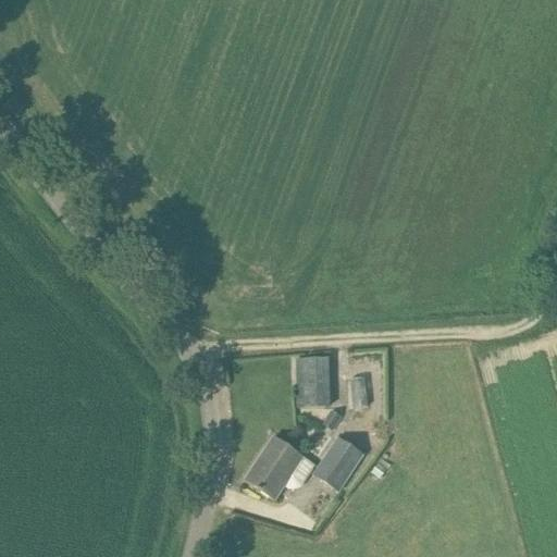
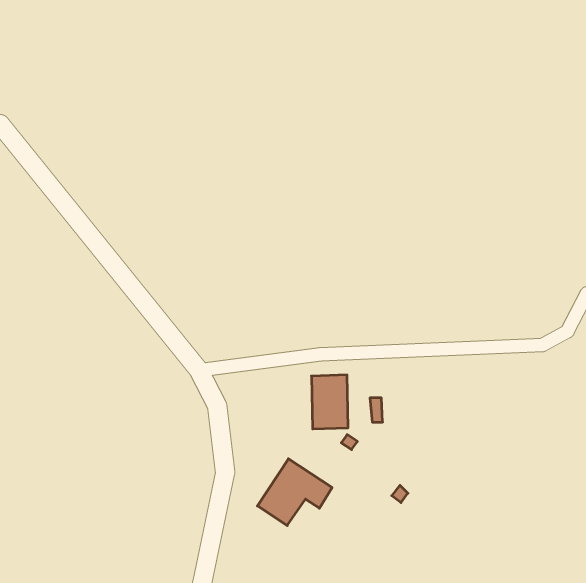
building: [313,435,364,491] -> none

